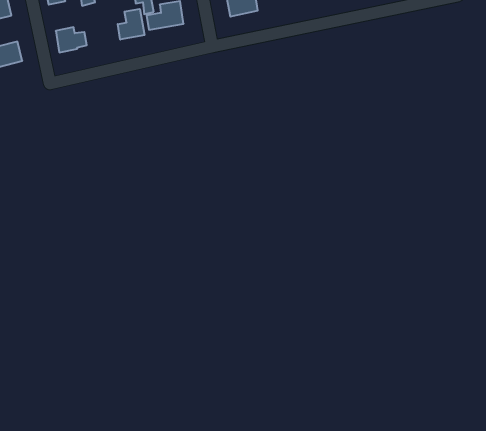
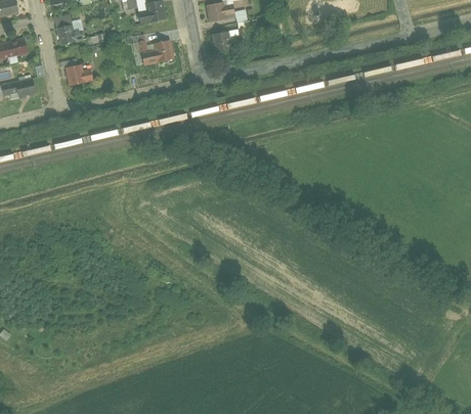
building: [118,9,144,40] -> none

